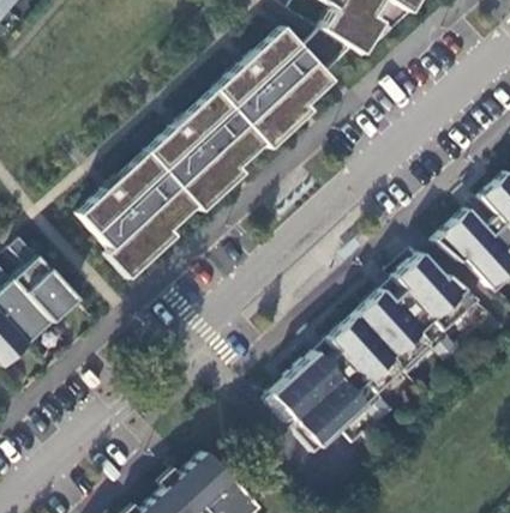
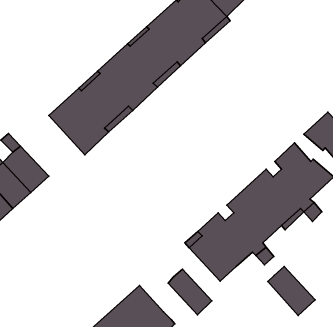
building: none -> [268,267,315,316]
building: none -> [168,269,212,315]

